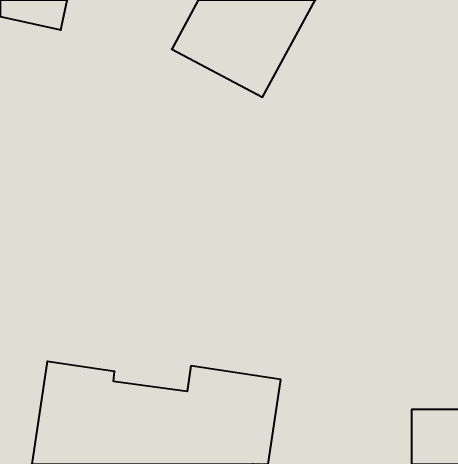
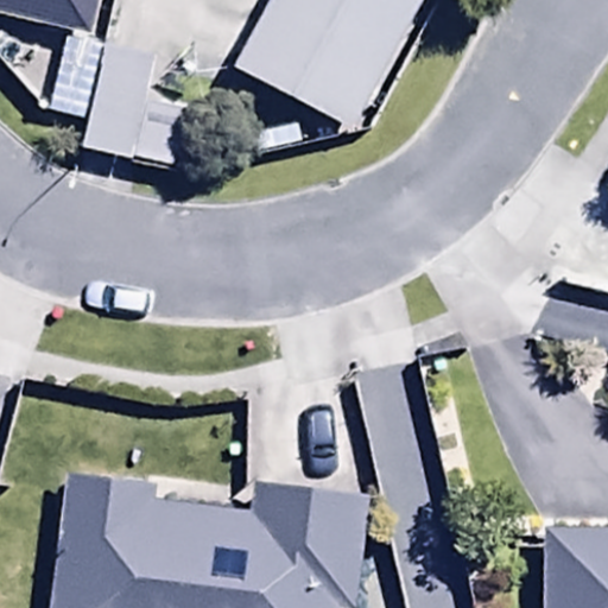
building: none -> [50,42,156,156]

